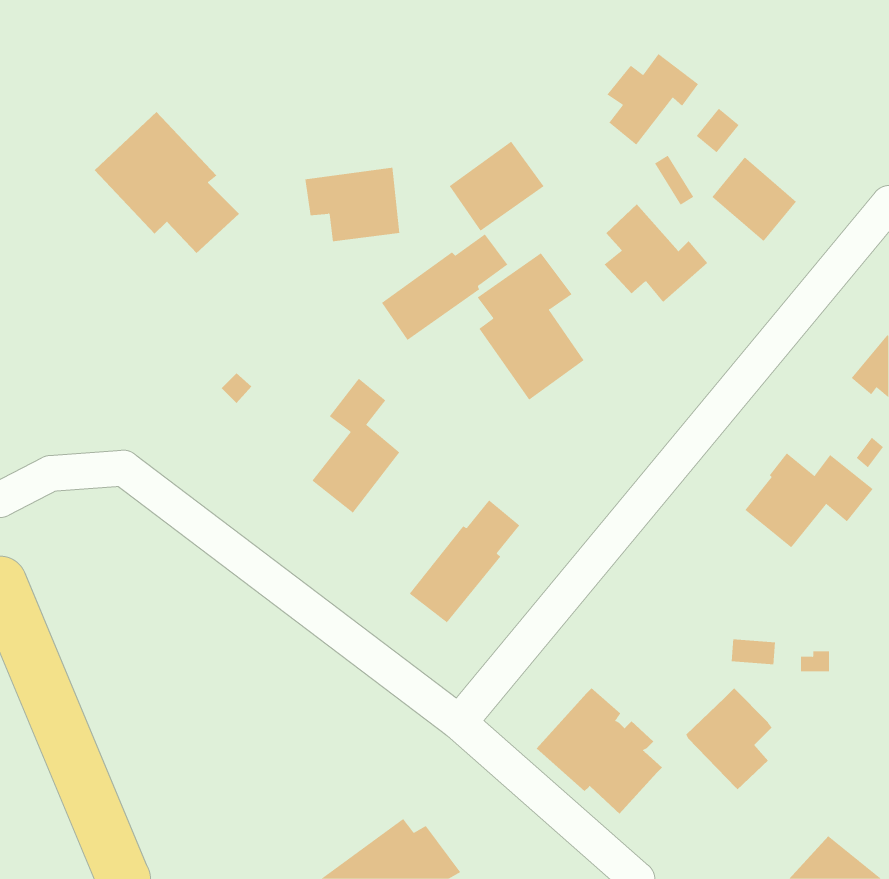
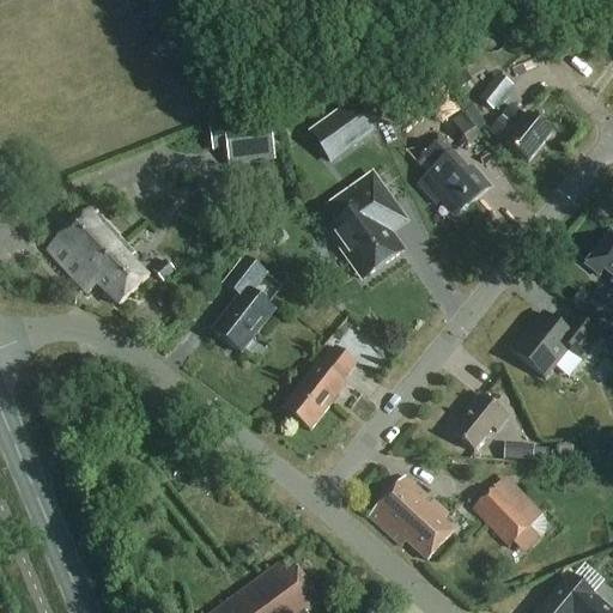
building: [607,53,699,145] -> none
building: [94,111,240,254] -> [47,205,147,303]
building: [381,233,508,341] -> none
building: none -> [451,394,506,453]

